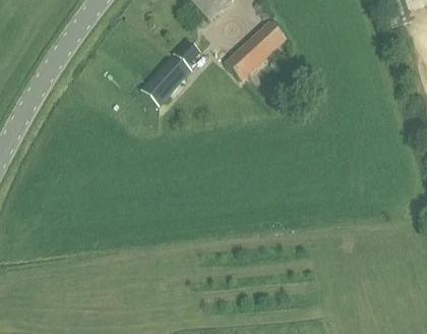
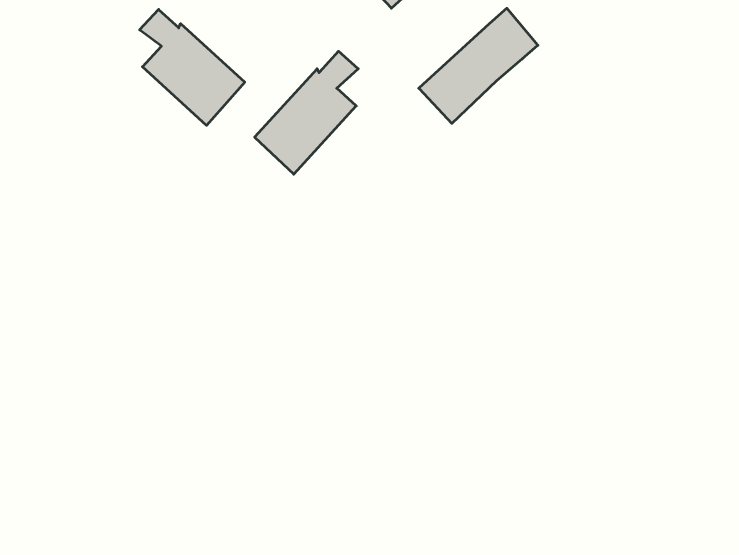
building: none -> [140,9,245,125]

